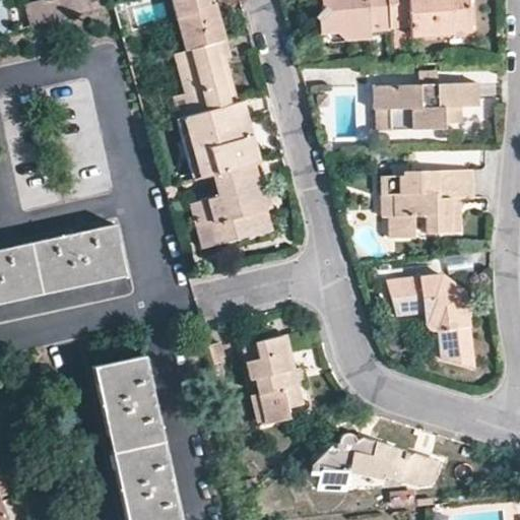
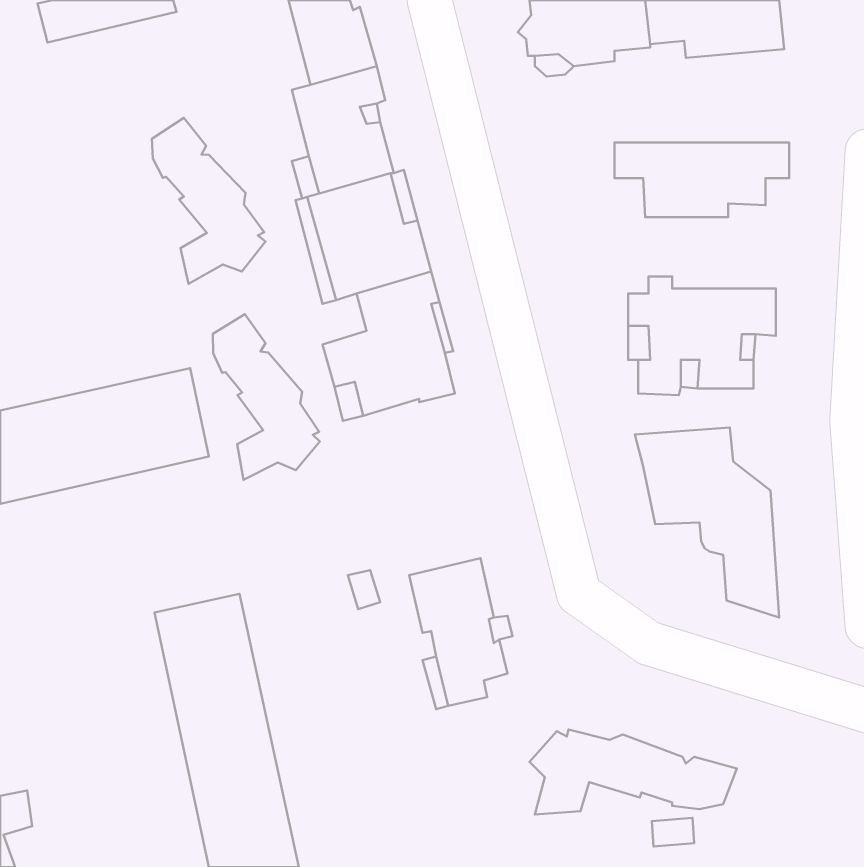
building: none -> [152,118,265,284]
building: none -> [213,314,320,480]

